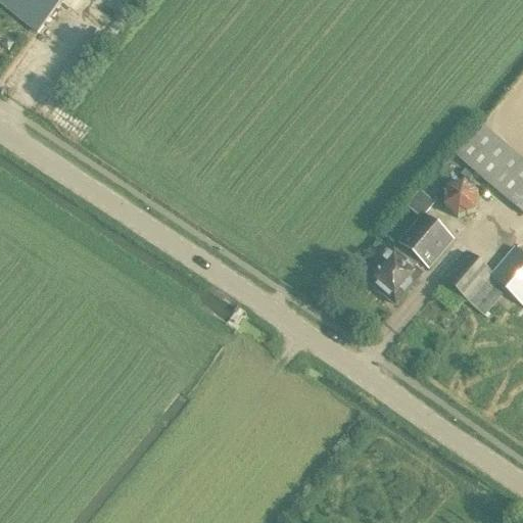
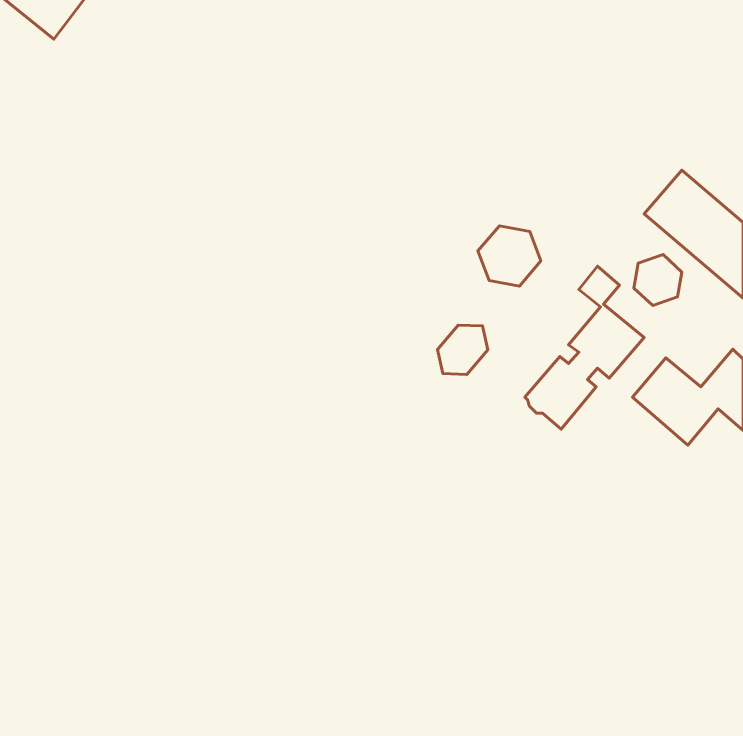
building: none -> [478,226,541,286]
building: none -> [437,325,488,374]

